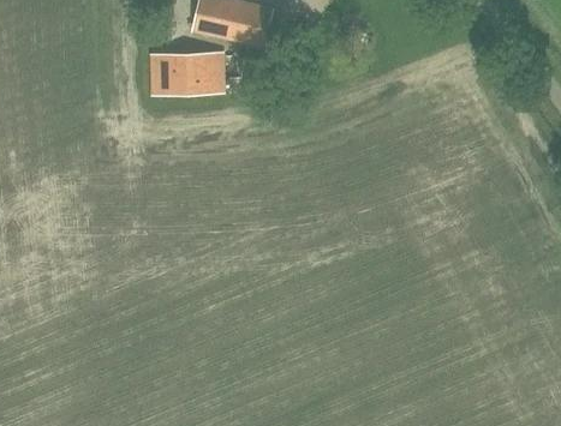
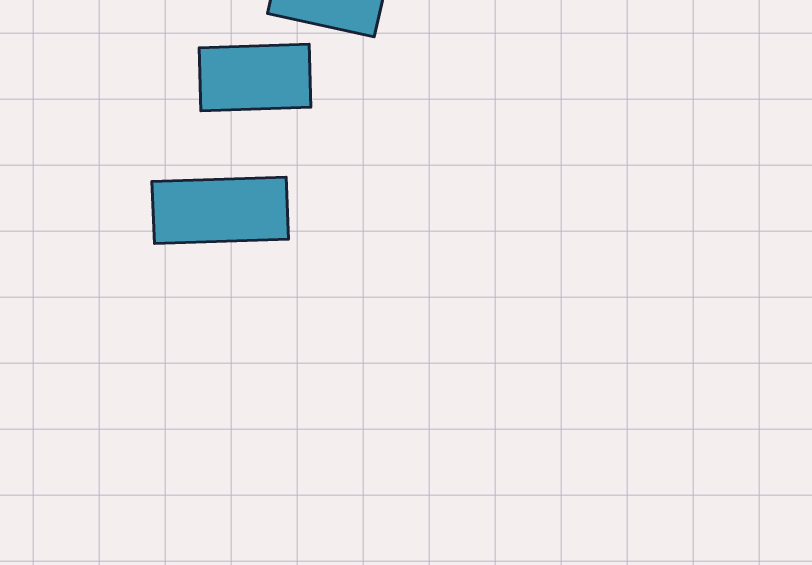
building: none -> [152,177,288,243]

